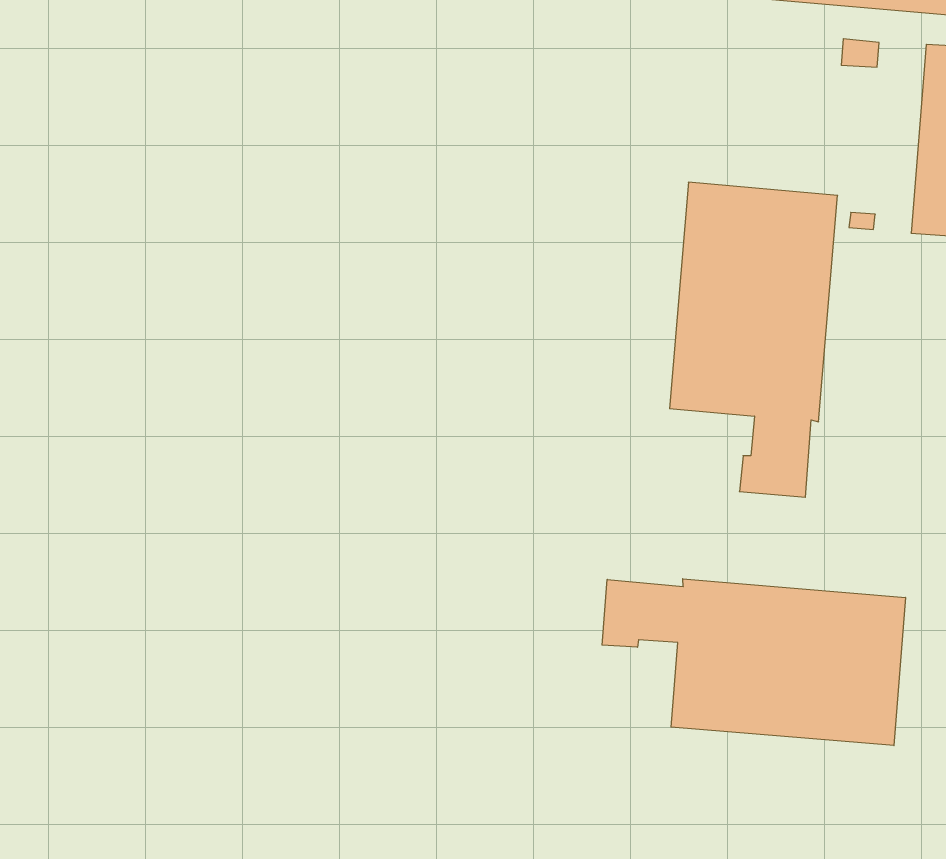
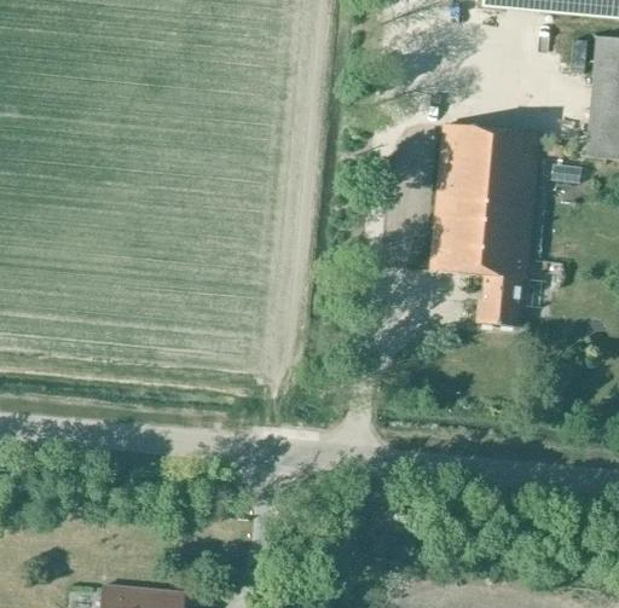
building: [602,579,905,746] -> none

